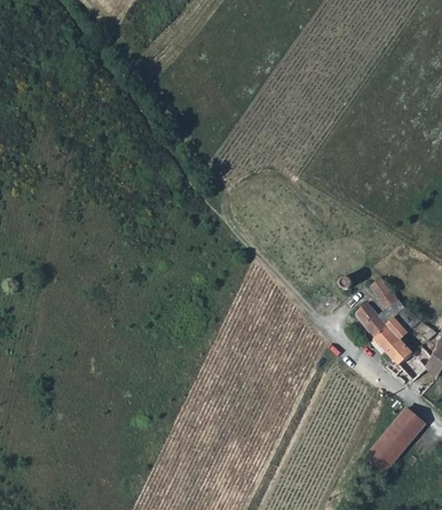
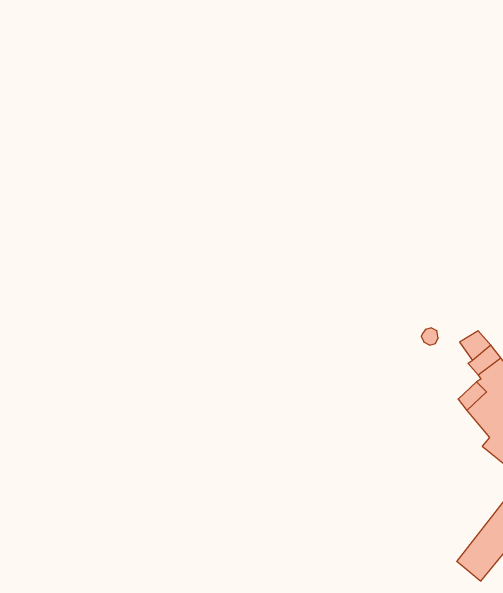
building: [354,302,382,331] -> none

